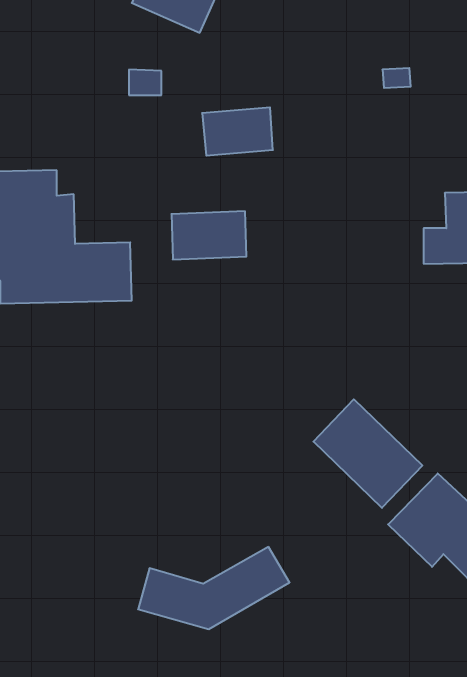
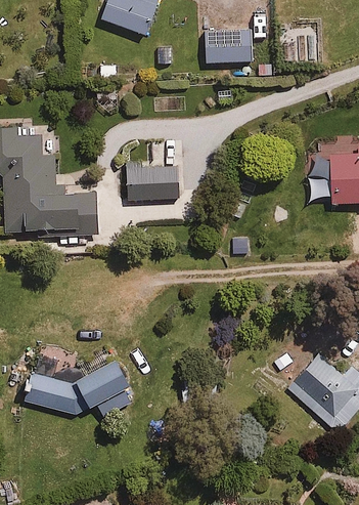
building: [202,107,273,156] -> [201,30,253,65]
building: [313,399,422,508] -> none
building: [138,547,290,629] -> [23,357,132,417]

